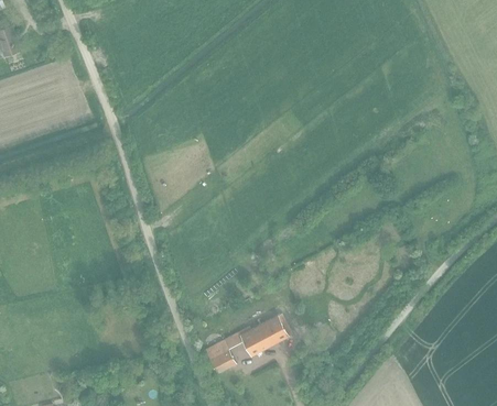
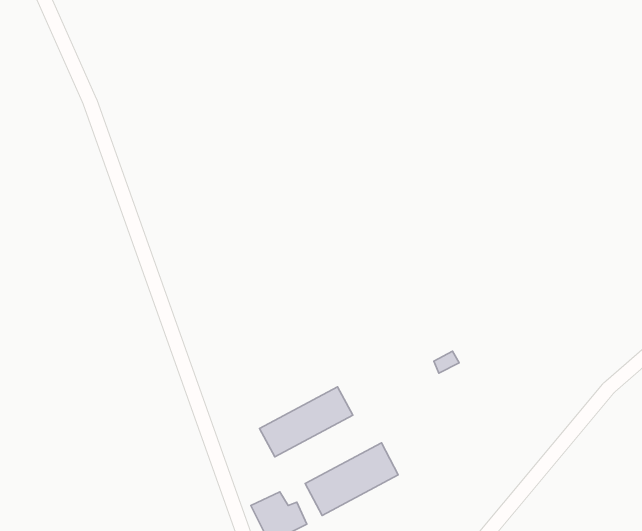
building: none -> [260,387,353,457]

